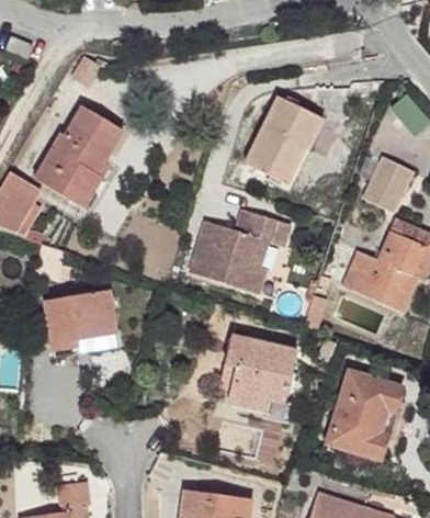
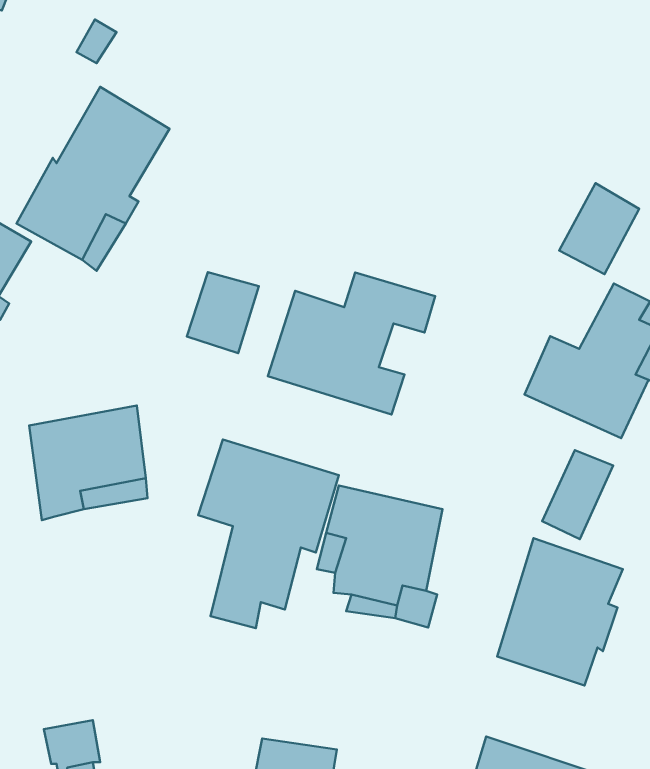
building: [242,94,324,182] -> none
building: none -> [187,272,259,353]
building: none -> [198,439,339,628]
building: none -> [542,450,613,539]

